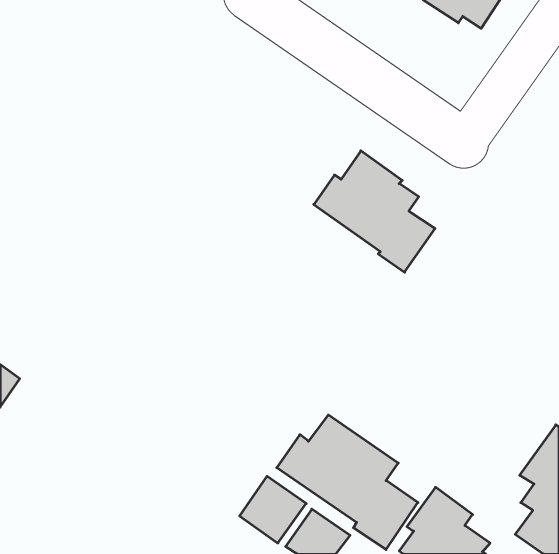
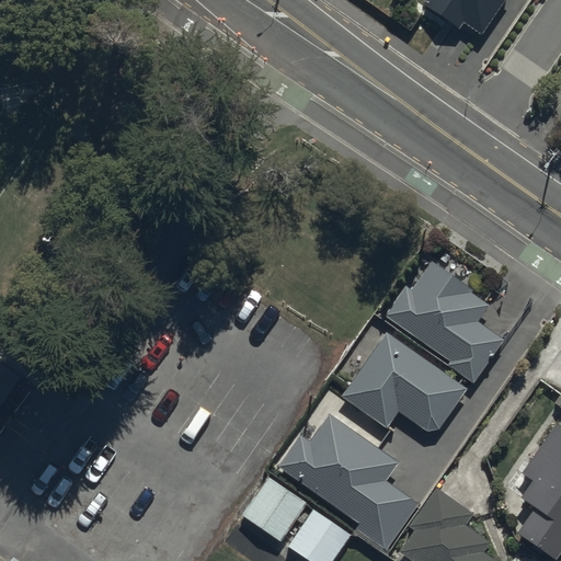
building: [314,151,435,272] -> [383,262,505,383]
building: none -> [343,335,466,431]

